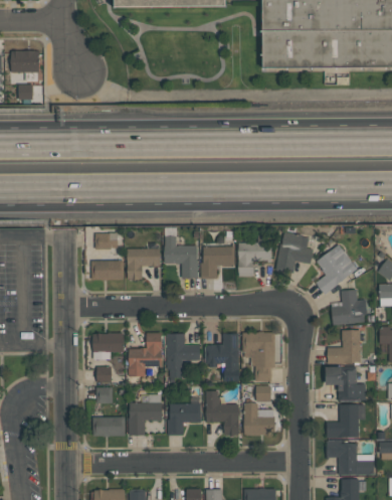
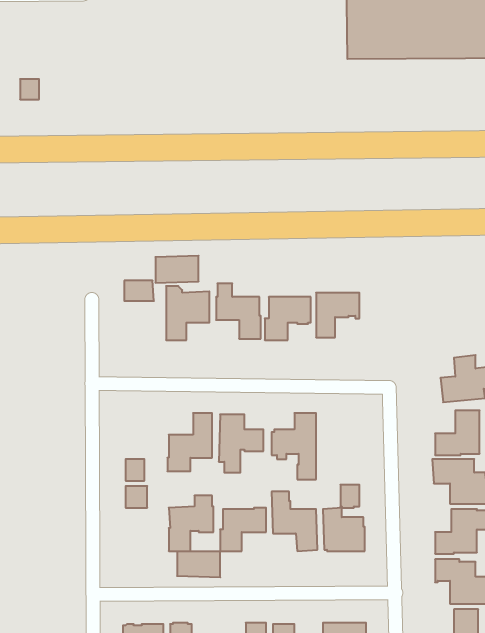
building: [11,50,40,80] -> none
building: [275,231,313,273] -> none
building: [316,243,357,294] -> none
building: [91,260,124,280] -> [155,256,199,283]
building: [92,332,124,358] -> none
building: [242,332,274,380] -> none
building: [92,416,125,436] -> [177,552,220,577]

